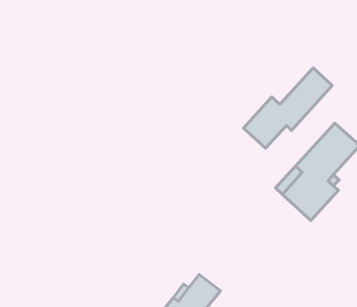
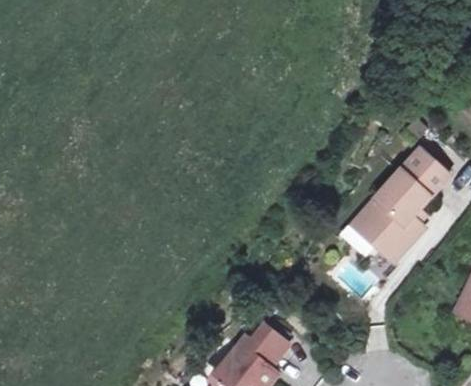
building: [243,68,332,148] -> none

